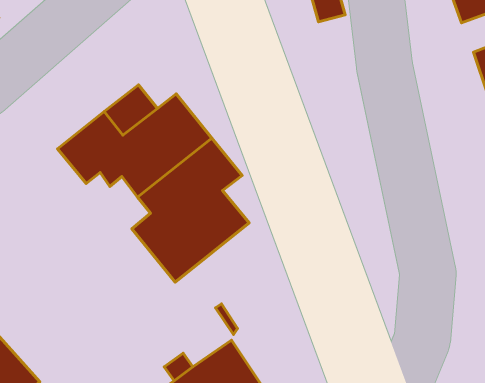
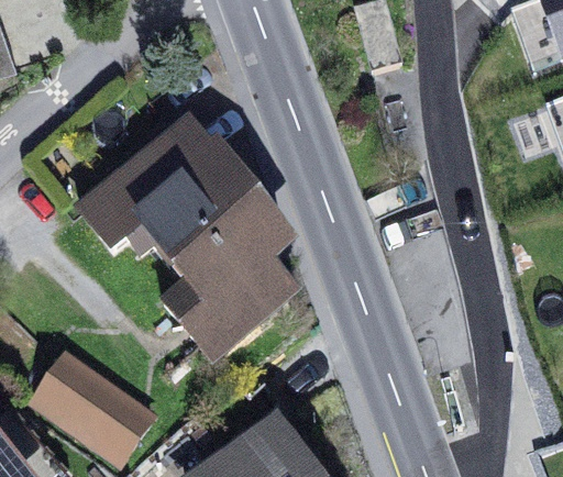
building: none -> [34,356,153,462]

